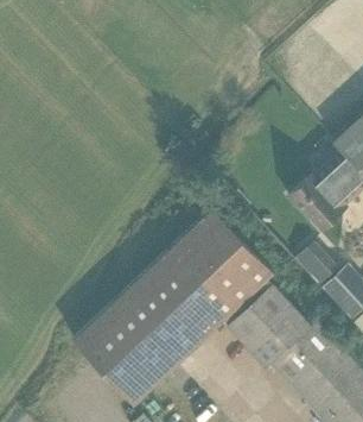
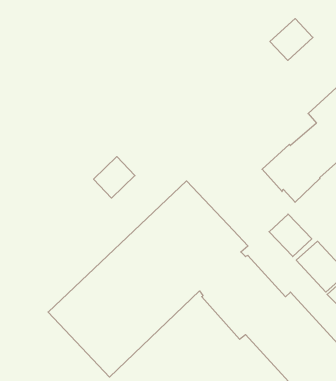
building: none -> [270,19,313,60]
building: none -> [94,157,135,198]

